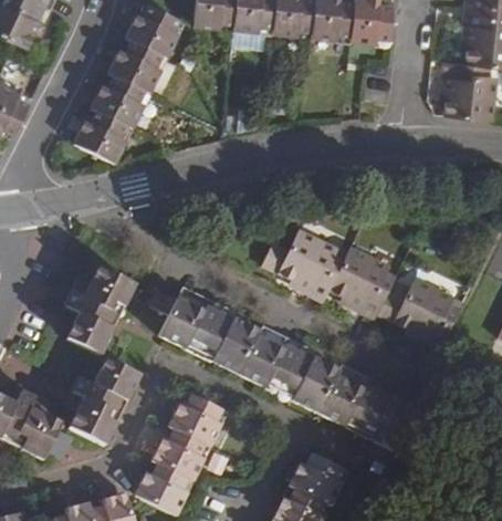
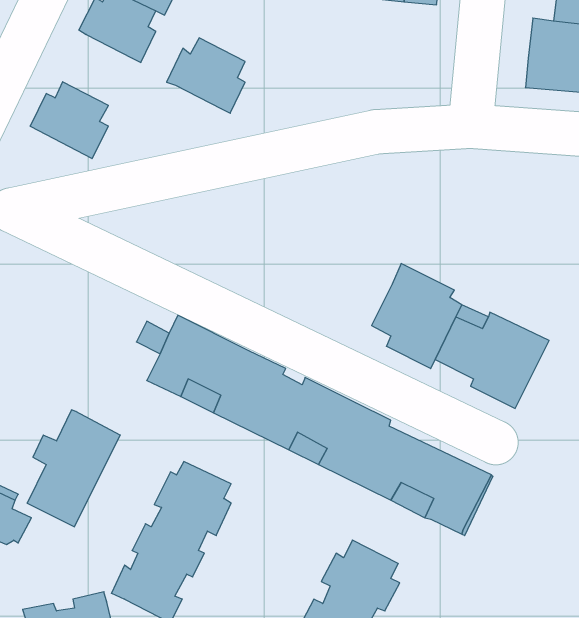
building: [88,73,147,129] -> [167,38,245,113]
building: [259,231,342,305] -> none
building: [65,265,133,353] -> none

